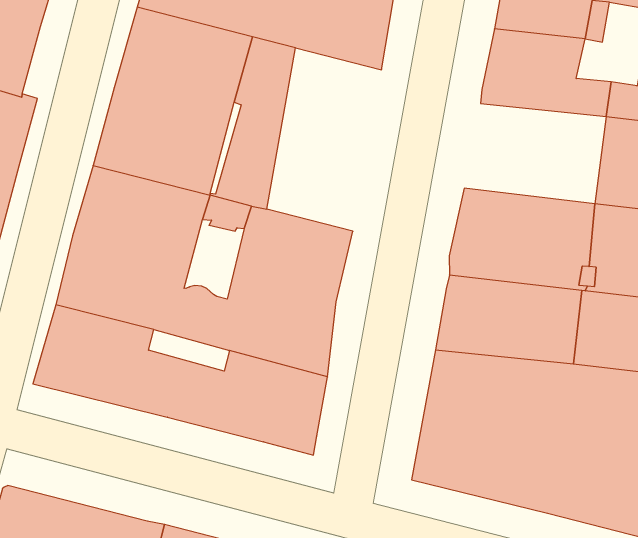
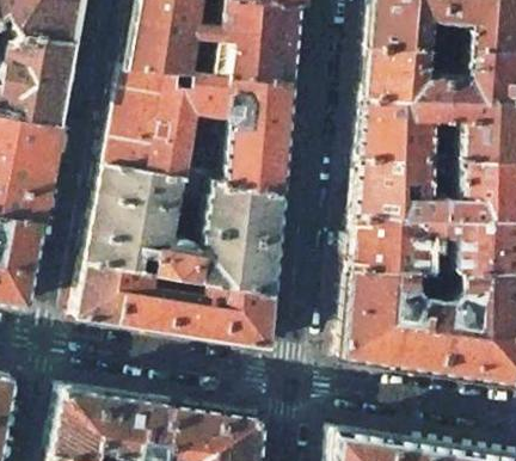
building: none -> [226,74,295,195]
building: none -> [358,100,450,161]

